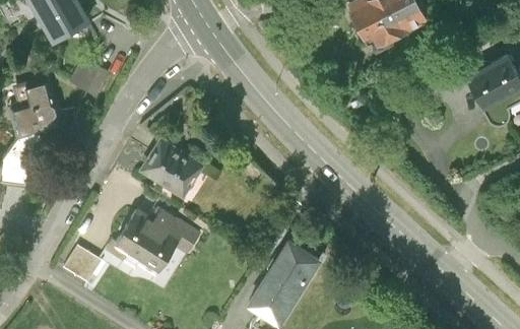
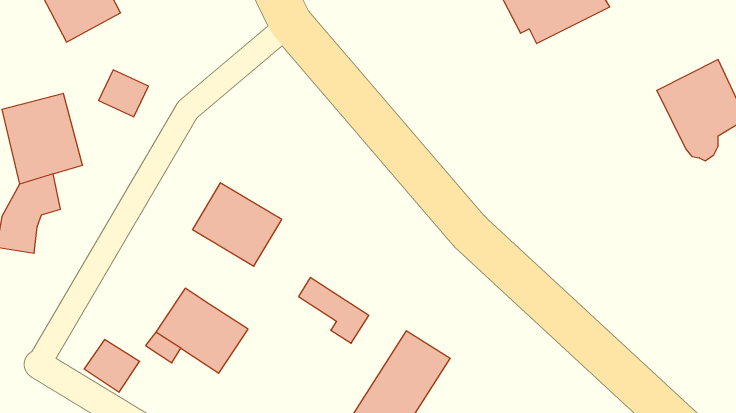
building: [151,210,200,256] -> [299,277,369,343]

